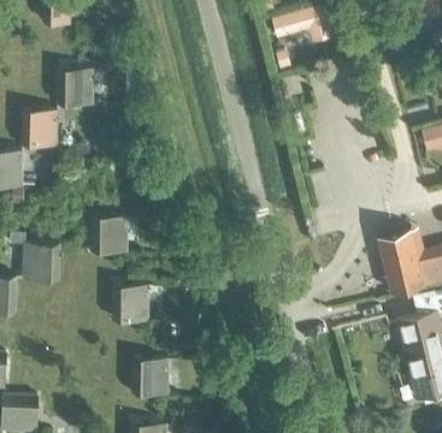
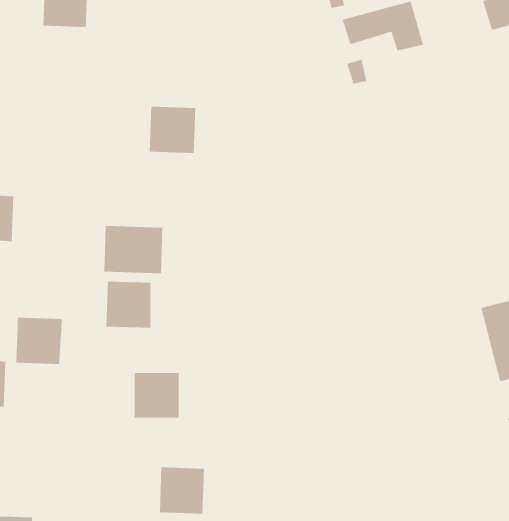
building: [57,70,93,106] -> [149,106,196,153]
building: [22,112,58,147] -> none
building: none -> [104,225,163,274]

